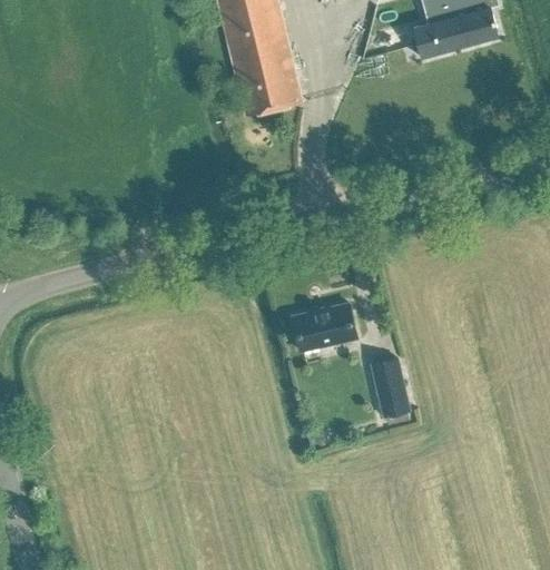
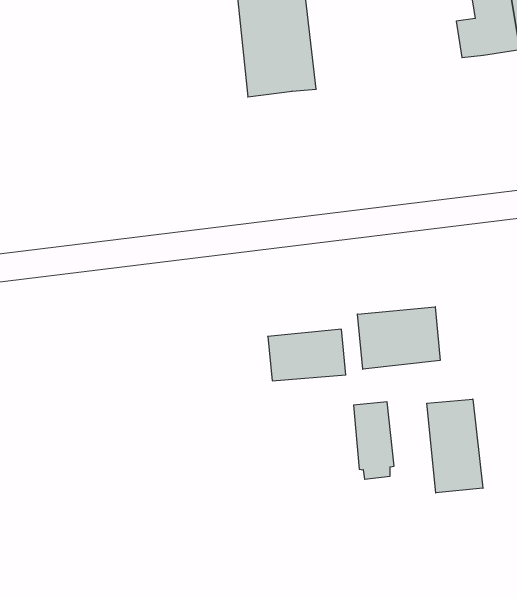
building: none -> [357,307,440,369]
building: none -> [427,399,483,493]

